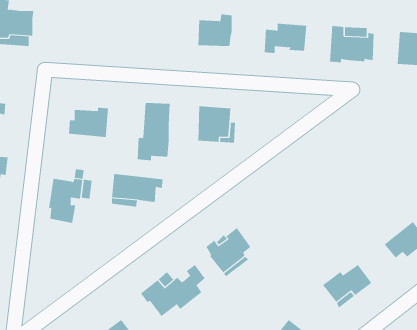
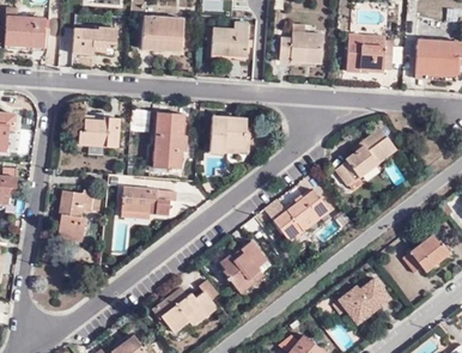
building: none -> [141,16,183,49]
building: none -> [73,26,116,54]
building: none -> [335,128,396,190]
building: none -> [265,189,329,241]

